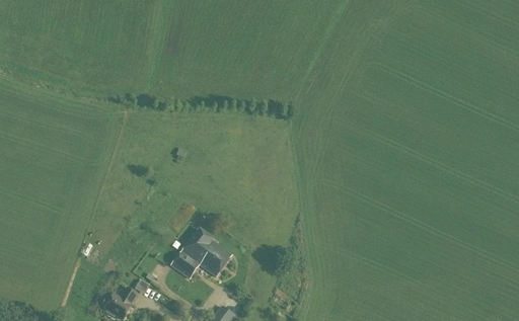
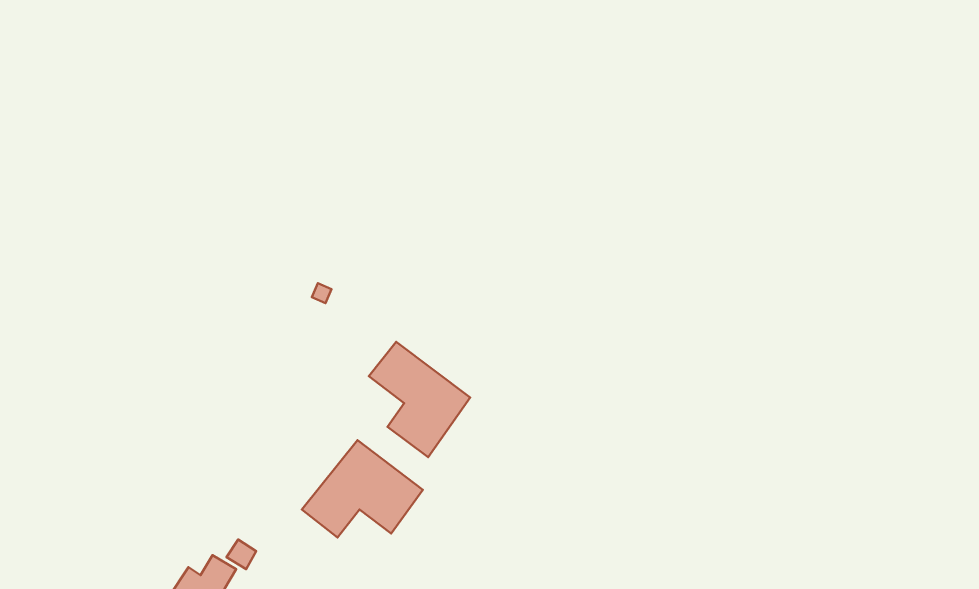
building: none -> [369,342,470,457]

